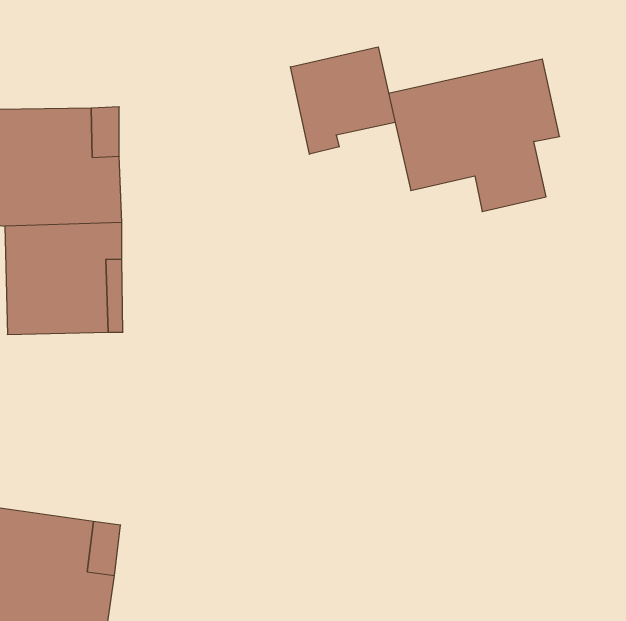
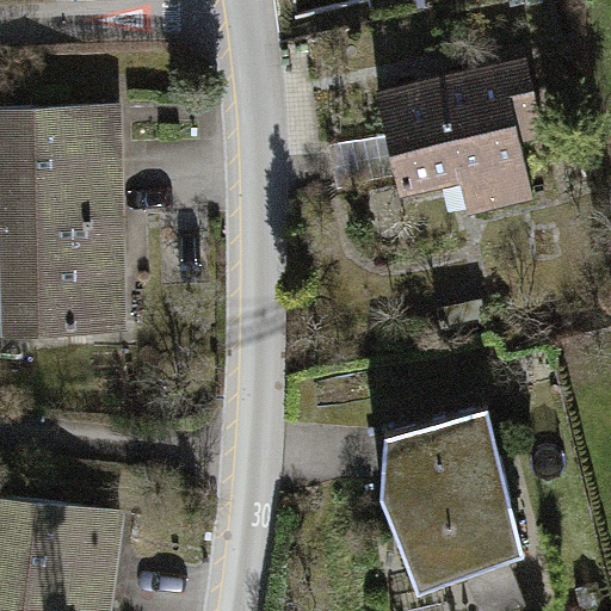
building: [290,47,395,154] -> none
building: none -> [379,407,523,595]

